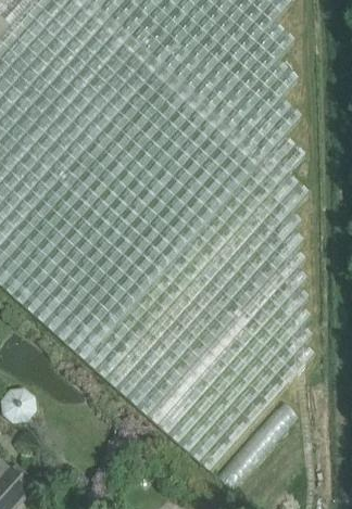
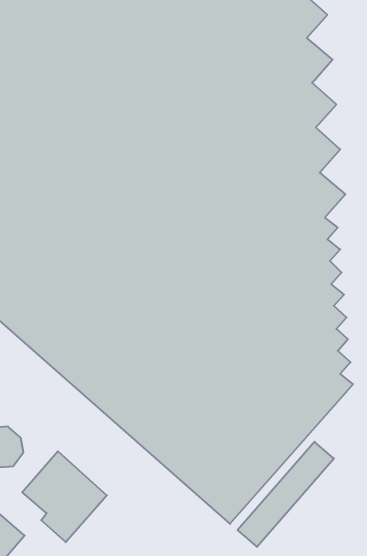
building: none -> [22,451,107,542]

